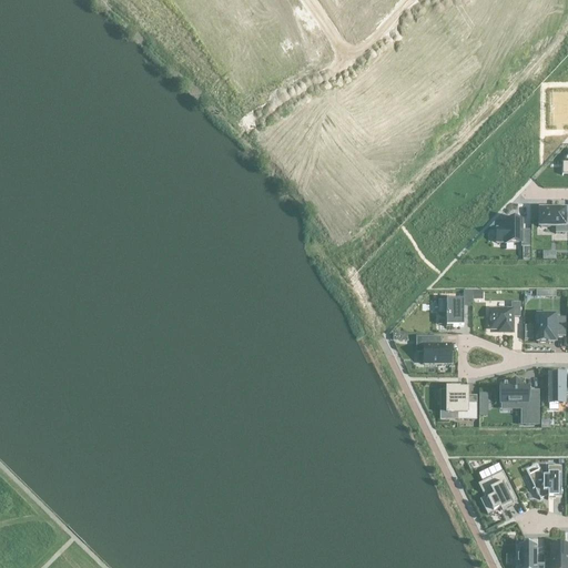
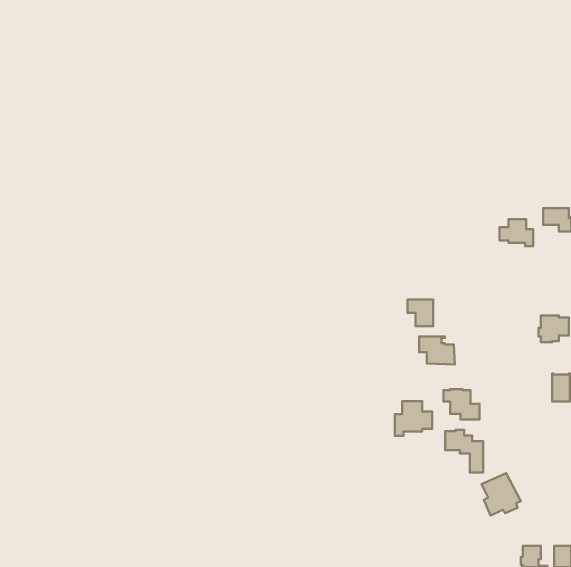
building: [438,297,464,324] -> [408,299,433,326]
building: [490,300,519,329] -> none
building: [500,379,538,422] -> [445,430,483,472]
building: none -> [395,401,432,436]
building: [526,462,561,497] -> none

